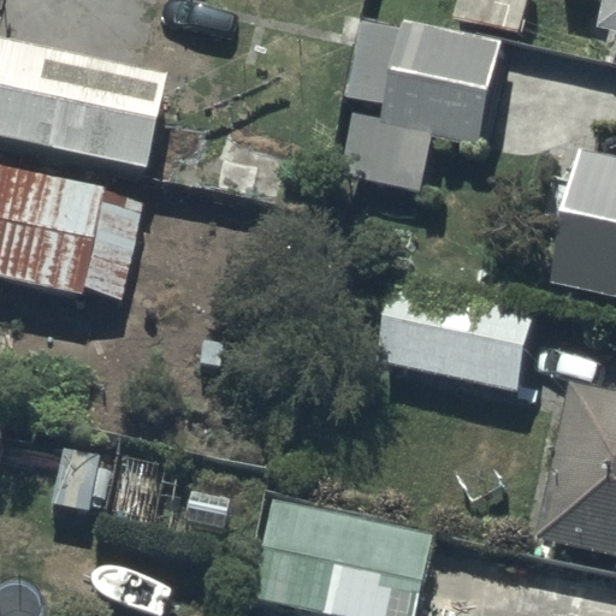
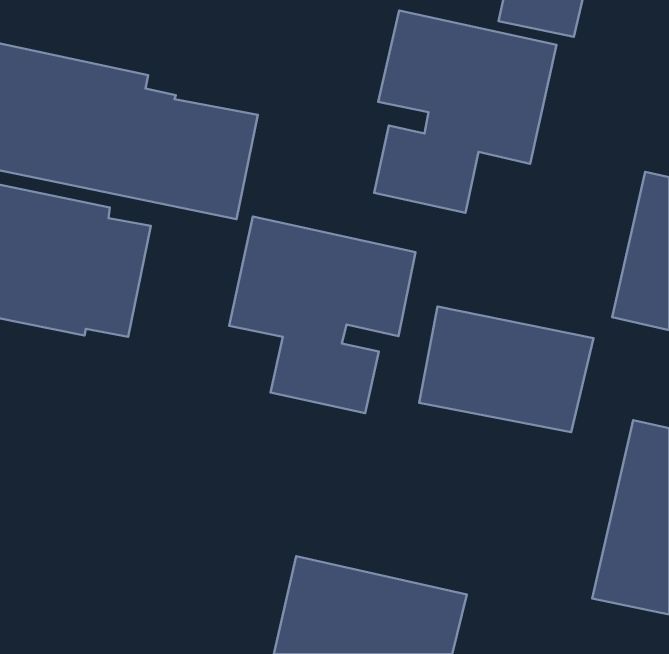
building: none -> [229,217,415,413]

